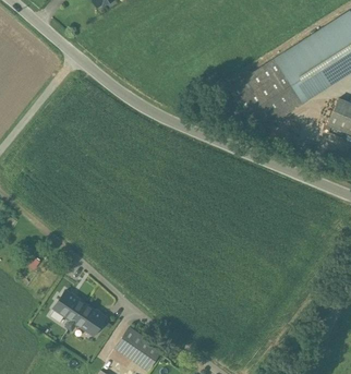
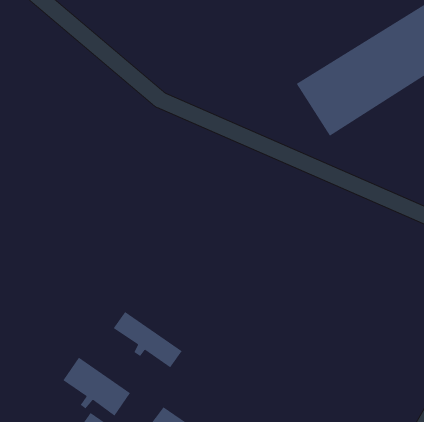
building: none -> [113,311,182,368]

